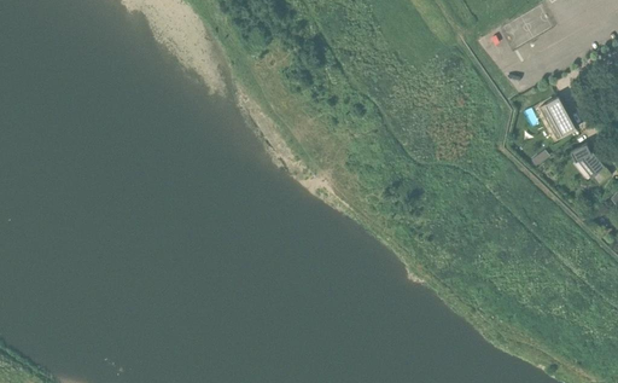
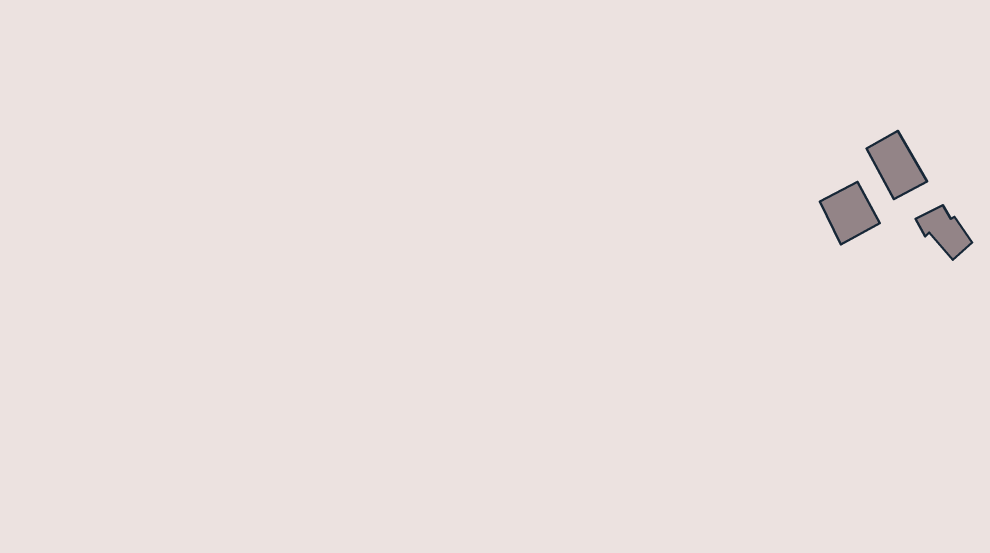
building: none -> [820,182,880,244]

